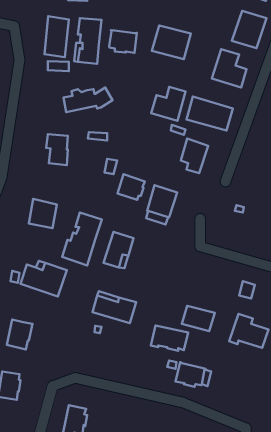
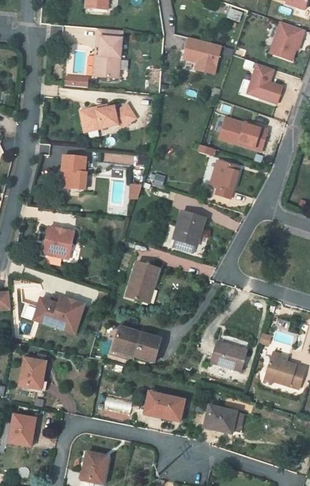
building: [44,16,69,57] -> none
building: [109,30,137,53] -> none
building: [151,87,186,121] -> none
building: [118,174,145,200] -> none
building: [62,212,102,265] -> none
building: [151,325,188,351] -> [144,392,185,420]

